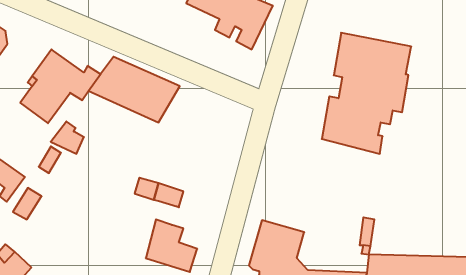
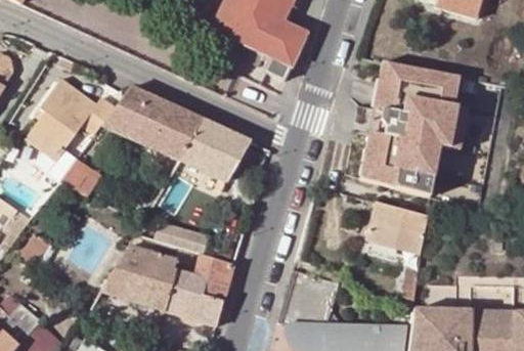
building: none -> [180,120,250,181]
building: none -> [365,201,428,252]
building: none -> [101,245,177,310]
building: none -> [194,253,233,300]

